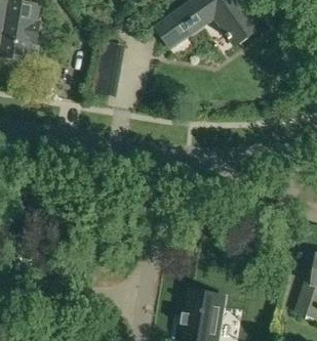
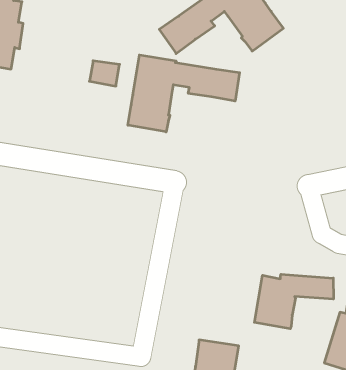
building: none -> [128,55,240,132]
building: none -> [254,274,333,329]

